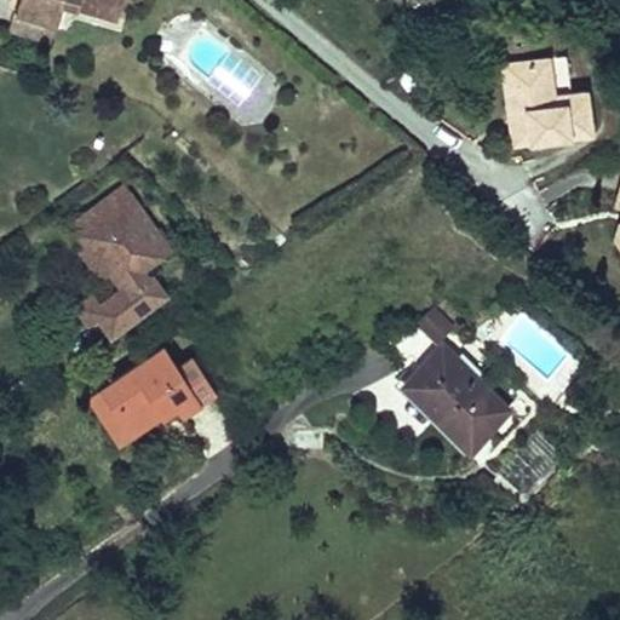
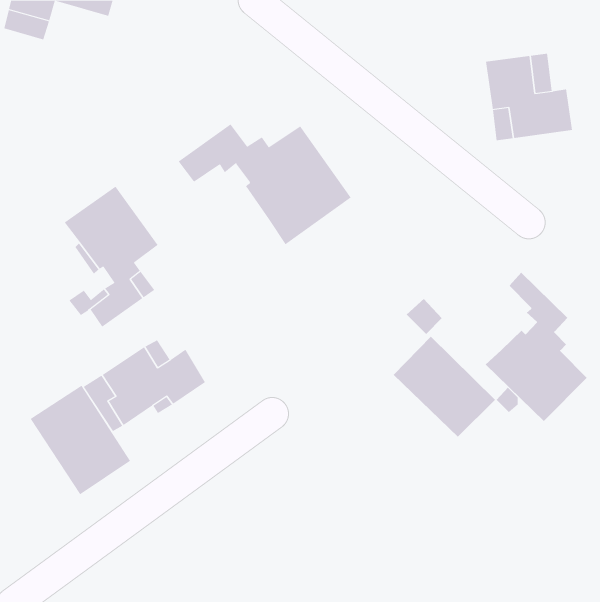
building: none -> [178,124,351,245]
building: none -> [485,272,588,422]
building: none -> [30,385,131,495]

